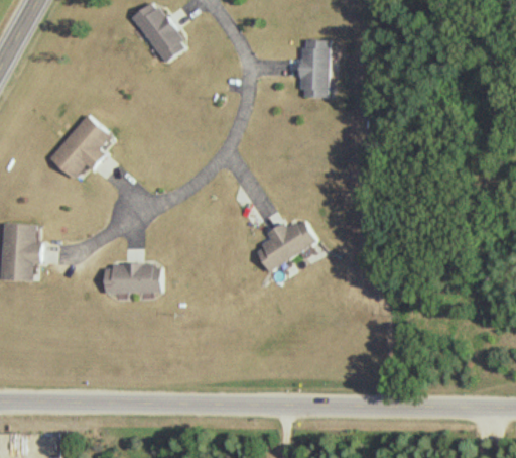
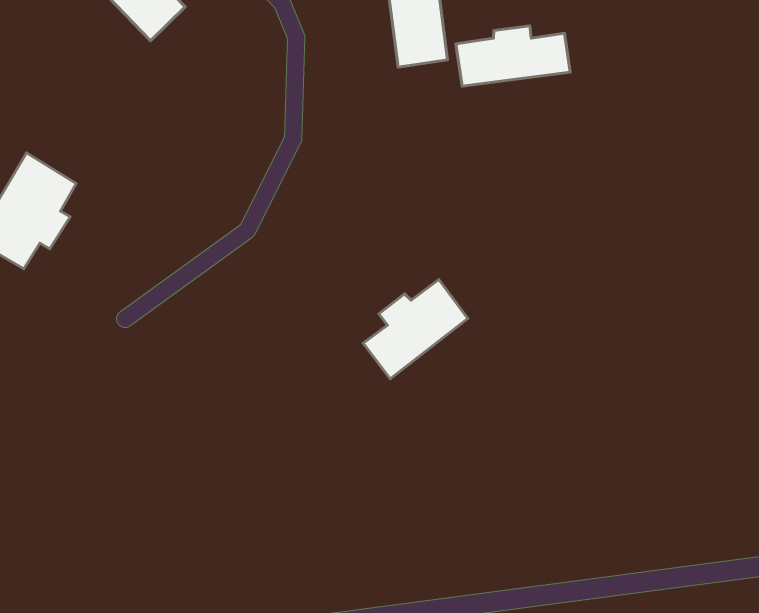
building: none -> [456,26,570,86]
building: [105,264,161,294] -> none

